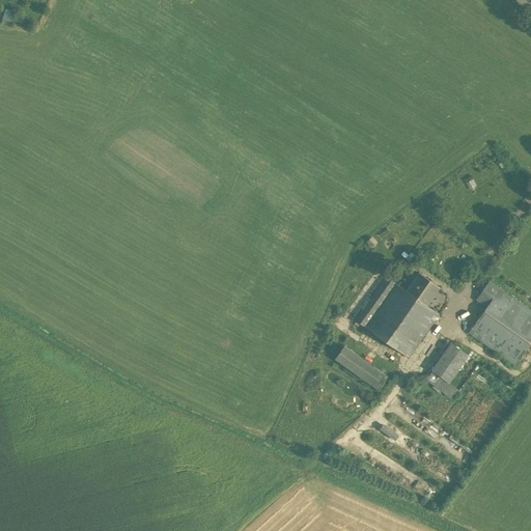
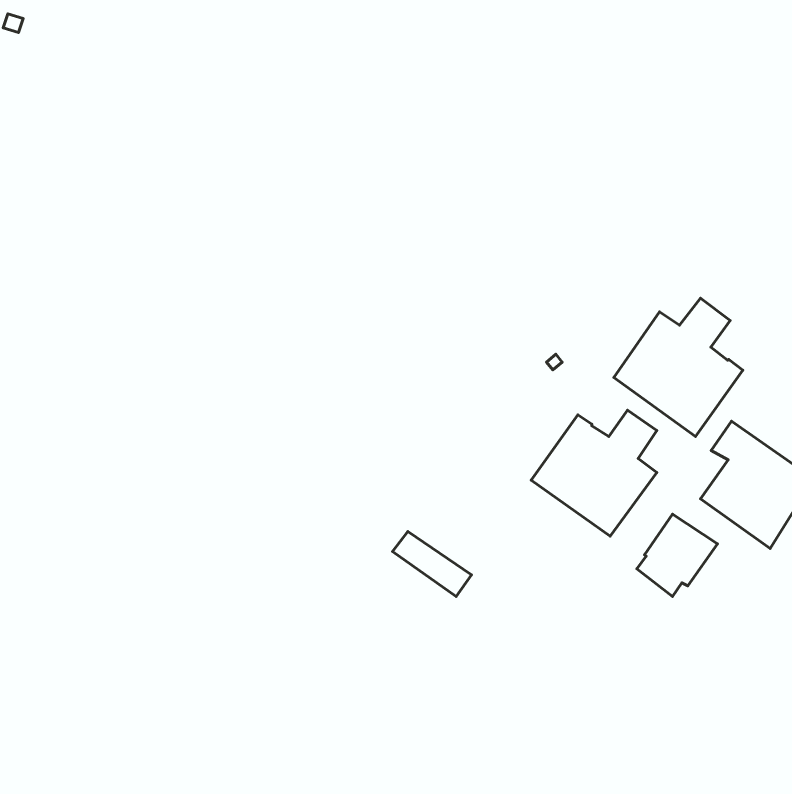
building: none -> [614,298,743,437]
building: [335,346,388,390] -> [392,531,472,597]

